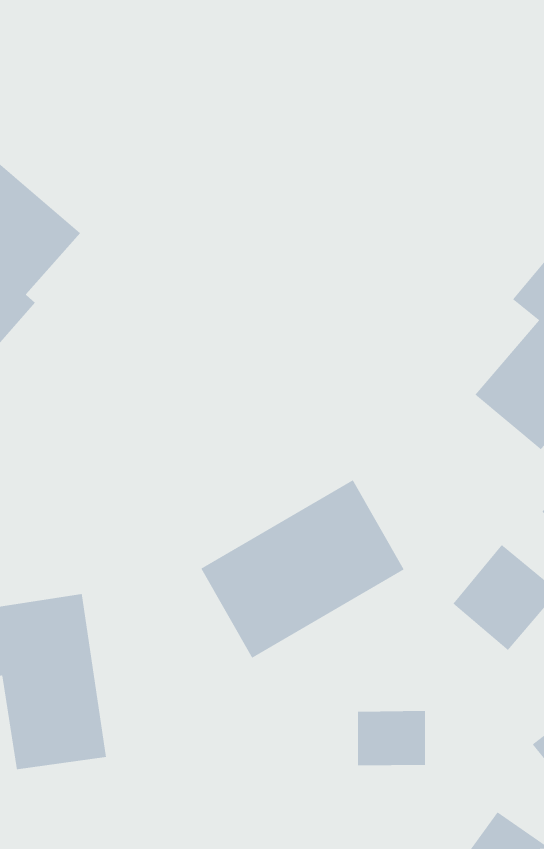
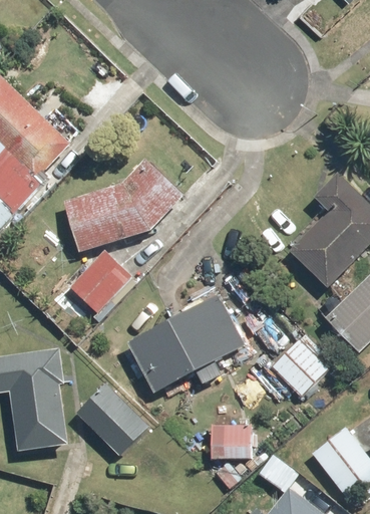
building: none -> [64,158,182,250]
building: none -> [68,250,129,311]
building: none -> [72,380,148,456]

